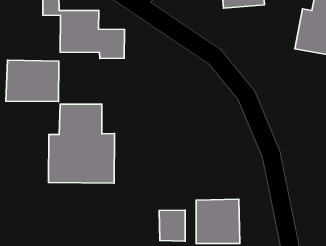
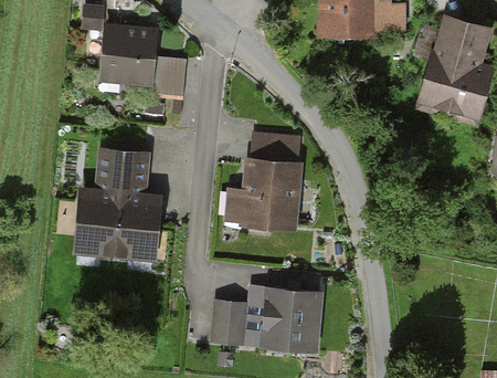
building: [6,60,59,101] -> none
building: none -> [224,133,302,227]

